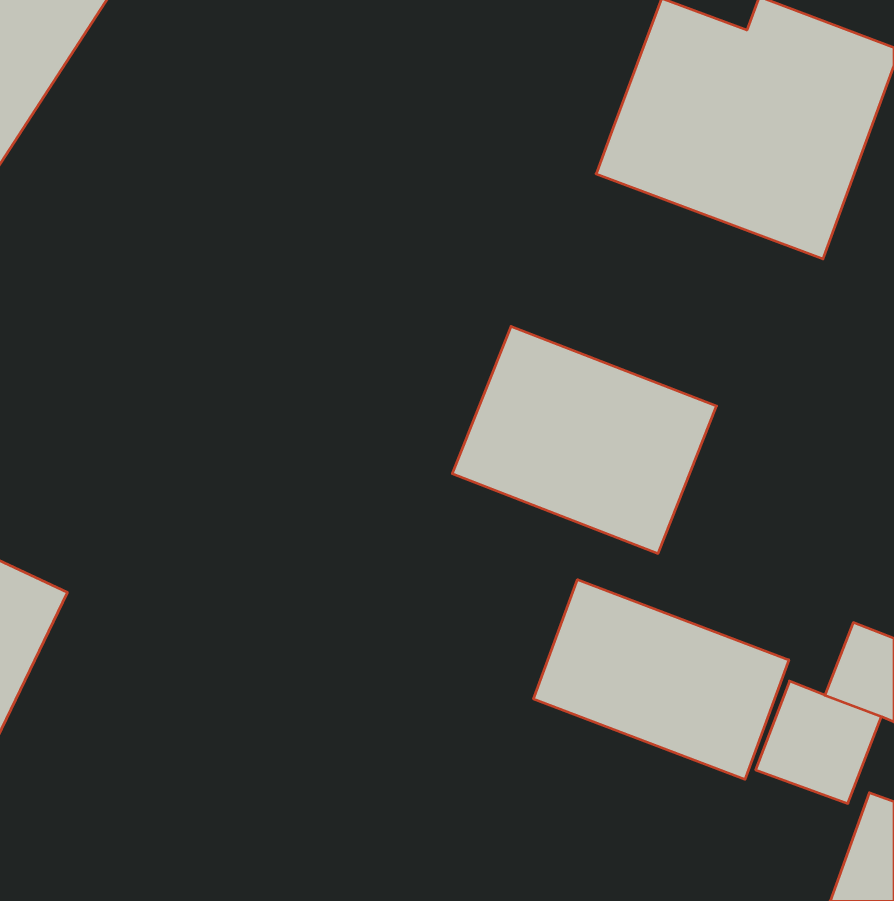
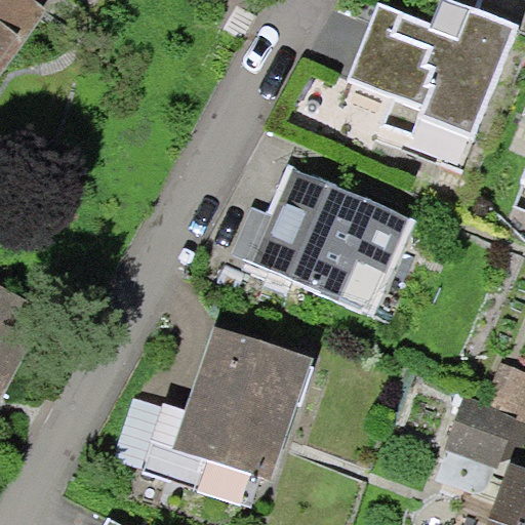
building: none -> [106,314,304,492]
building: [534,580,789,779] -> none

